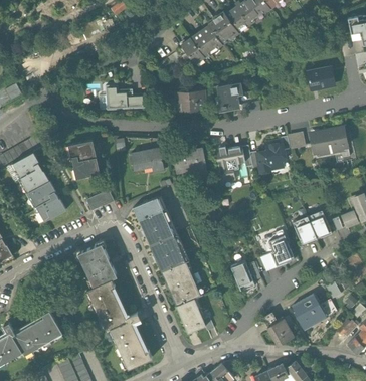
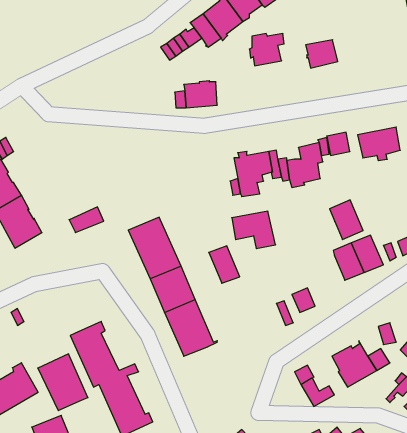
building: [308,67,333,89] -> [306,40,338,68]
building: [105,85,145,111] -> none
building: [215,85,242,111] -> [249,34,284,66]
building: [68,140,100,178] -> none
building: [130,147,164,171] -> none
building: [173,148,207,177] -> [232,211,276,249]
building: [268,235,295,266] -> [330,200,363,240]
building: [77,242,117,287] -> [38,354,88,411]
building: [230,262,254,292] -> [209,246,240,283]
building: [176,299,206,334] -> none

